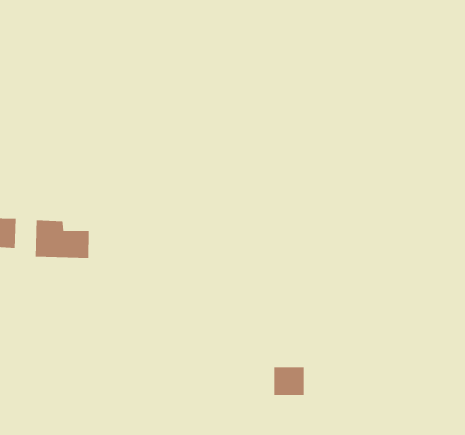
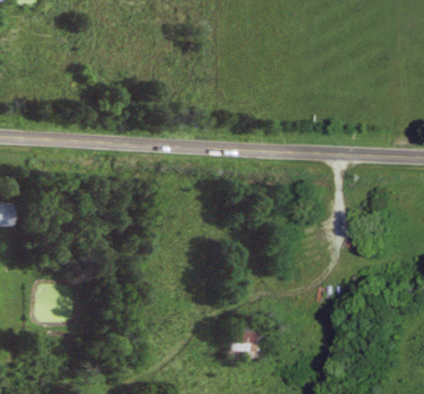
building: [35,220,89,259] -> none

